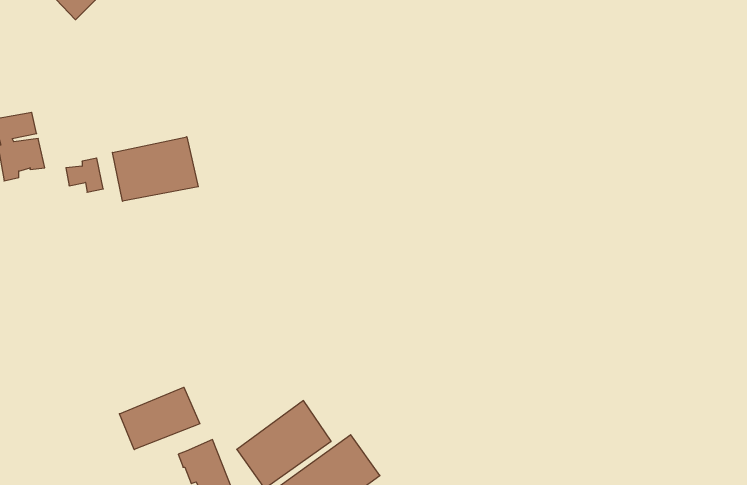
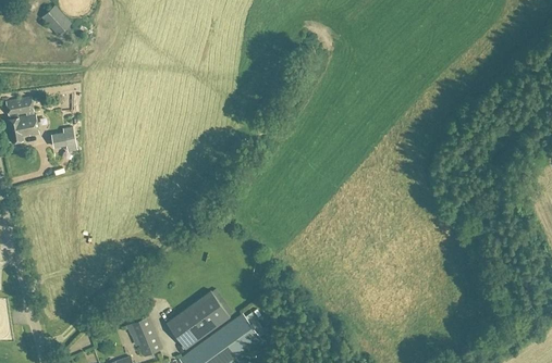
building: [112,137,198,201] -> none
building: [119,387,200,450] -> none

